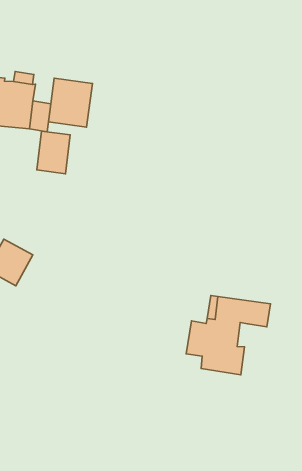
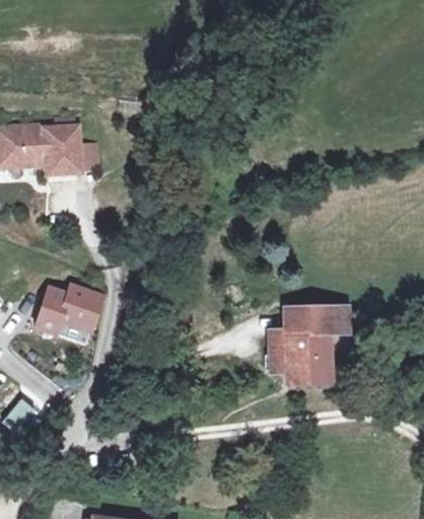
building: [49,78,92,127] -> none
building: [37,131,70,174] -> none

